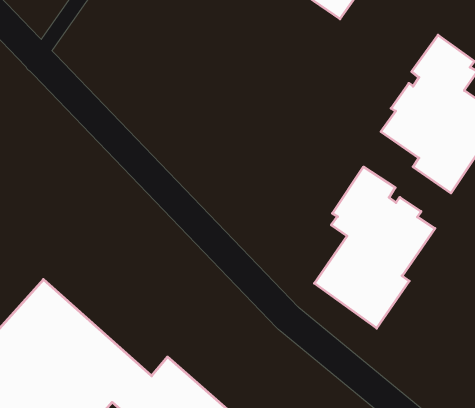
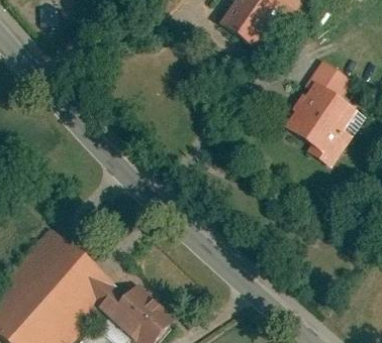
building: [314,167,435,328] -> none

